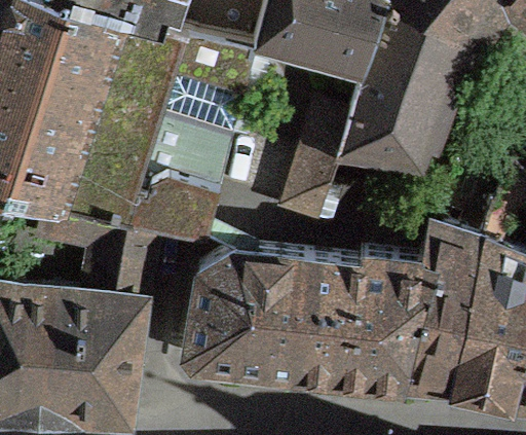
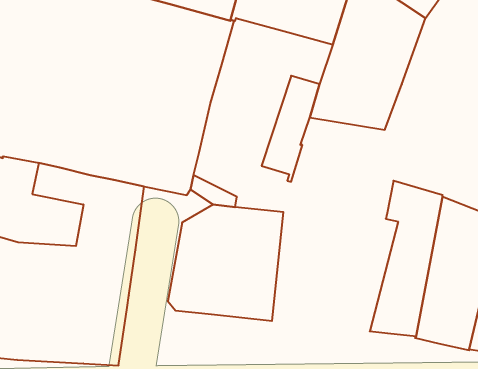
building: [298,257,435,390] -> none

